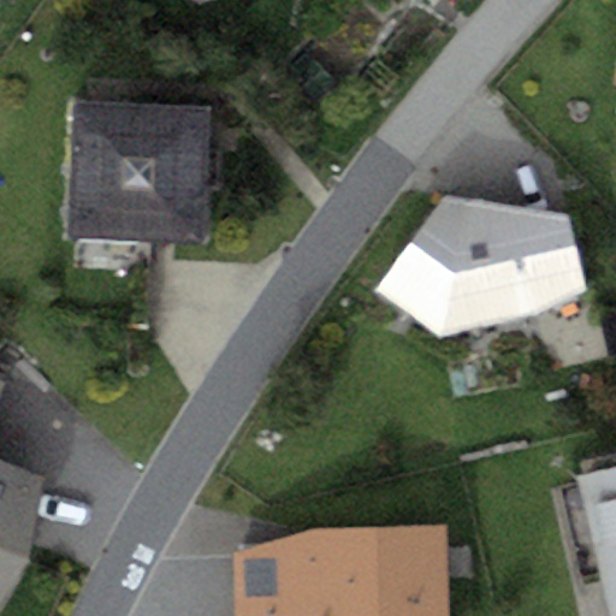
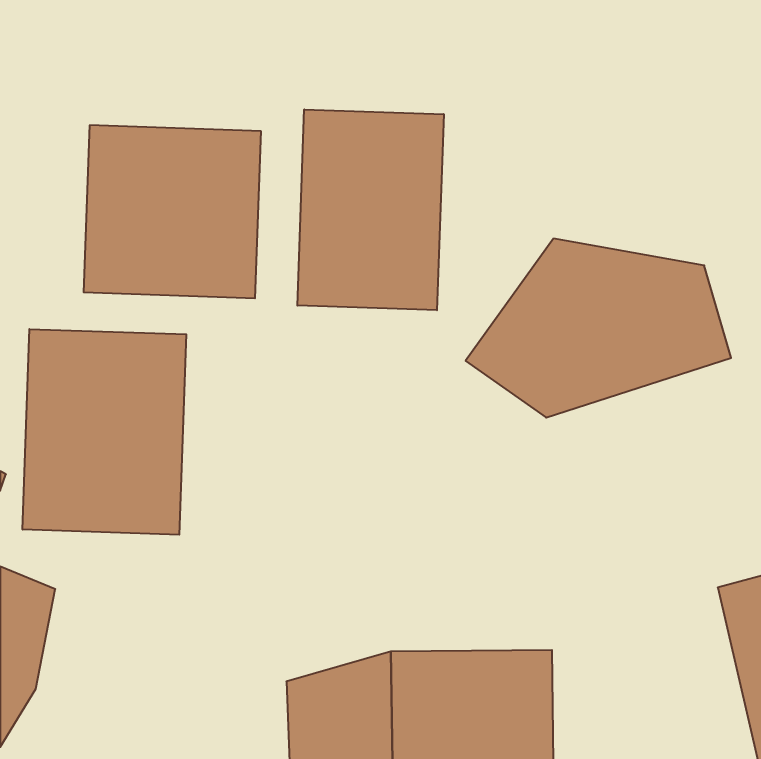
building: none -> [297,109,444,310]
building: none -> [23,329,186,535]

